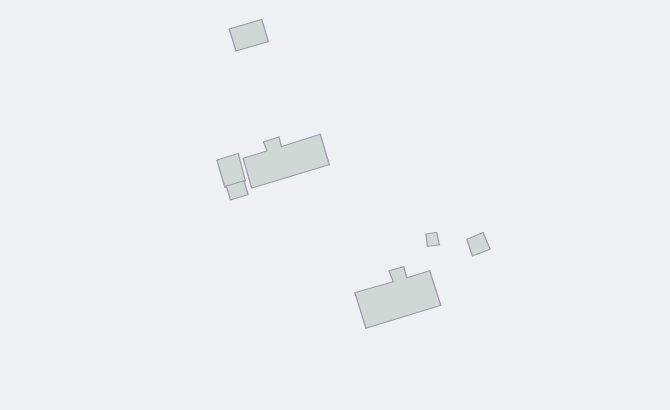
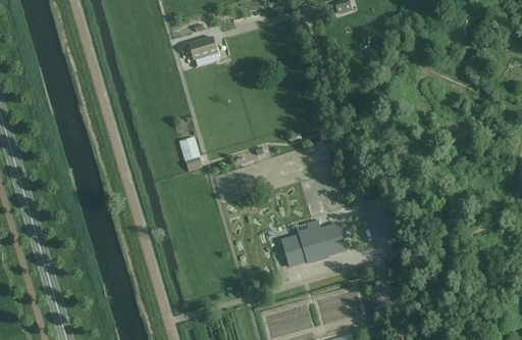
building: [243,134,329,188] -> none

